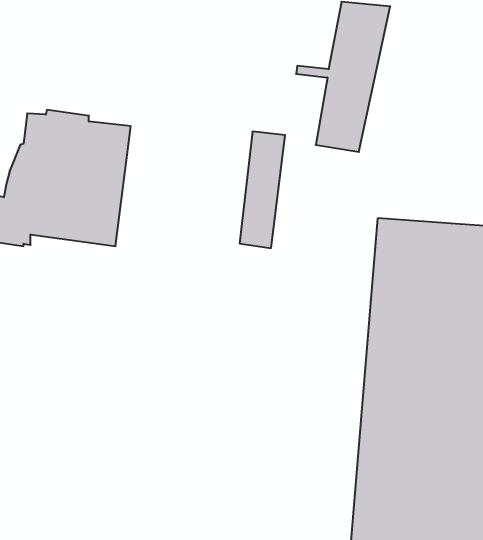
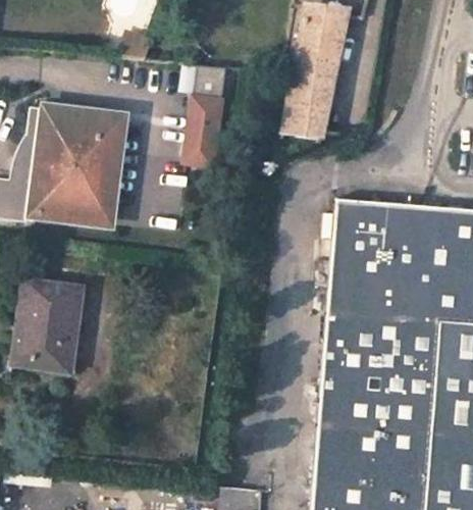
building: [240,132,285,248] -> [187,65,226,167]
building: none -> [12,280,77,369]

